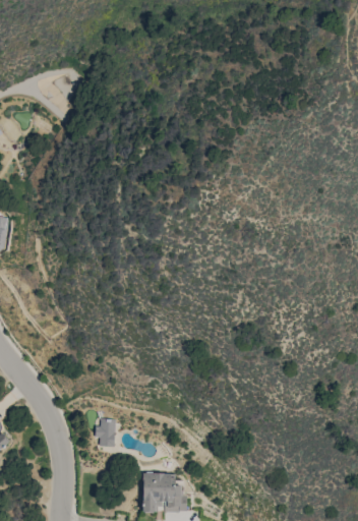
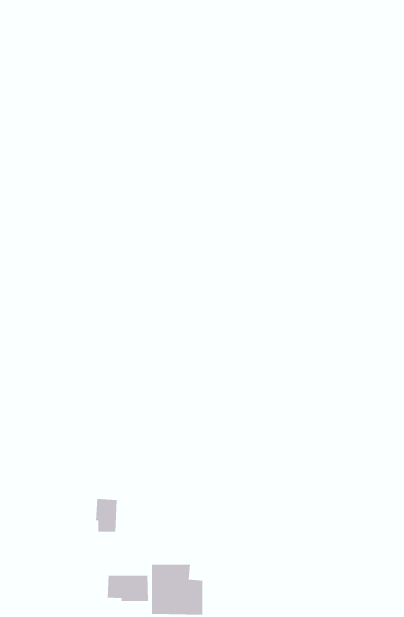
building: none -> [107,575,148,602]

